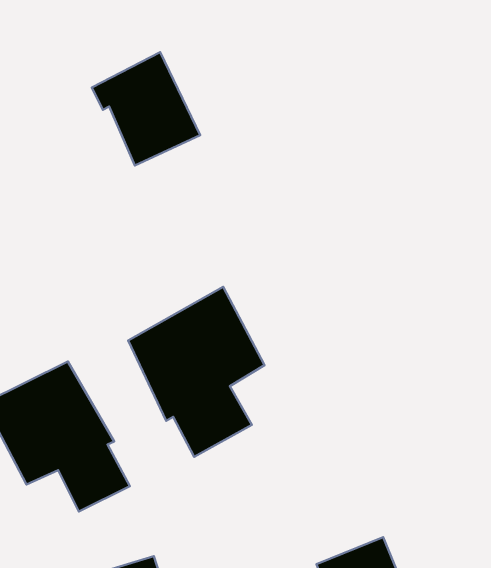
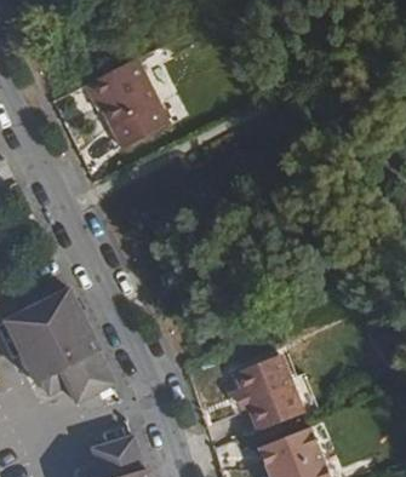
building: [128,287,265,457] -> none
building: none -> [233,349,303,429]

